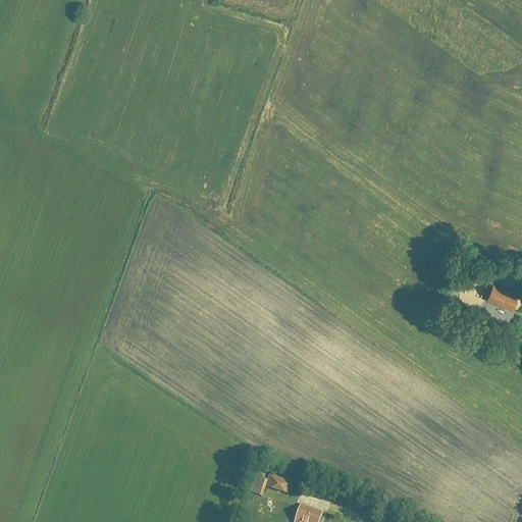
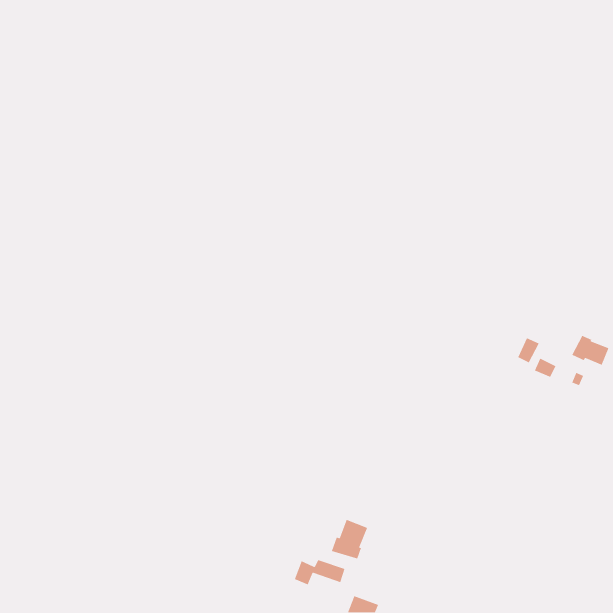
building: none -> [331,519,368,559]

